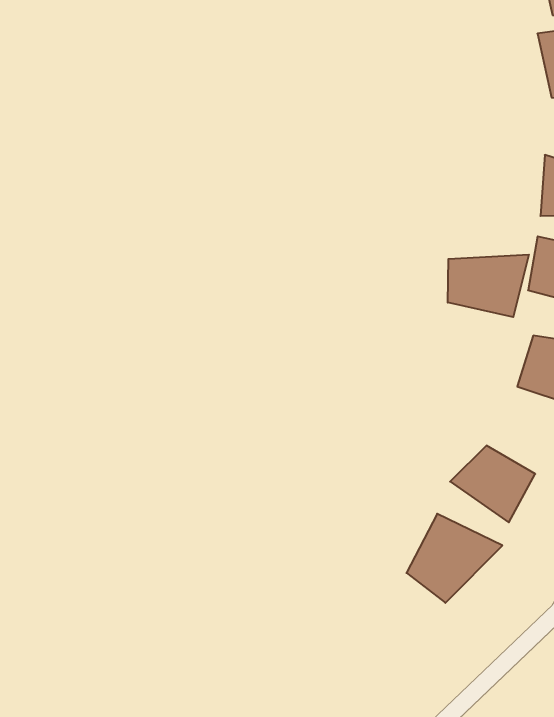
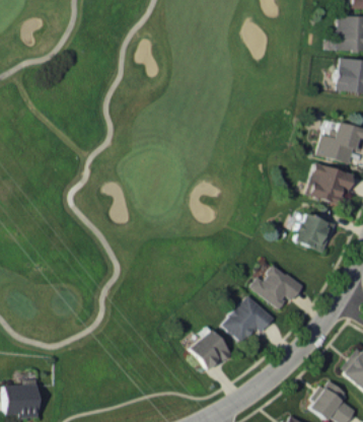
building: [448,255,529,317] -> none
building: none -> [190,330,230,368]

